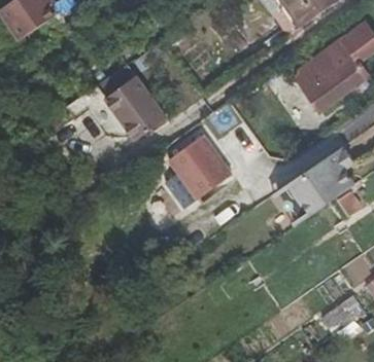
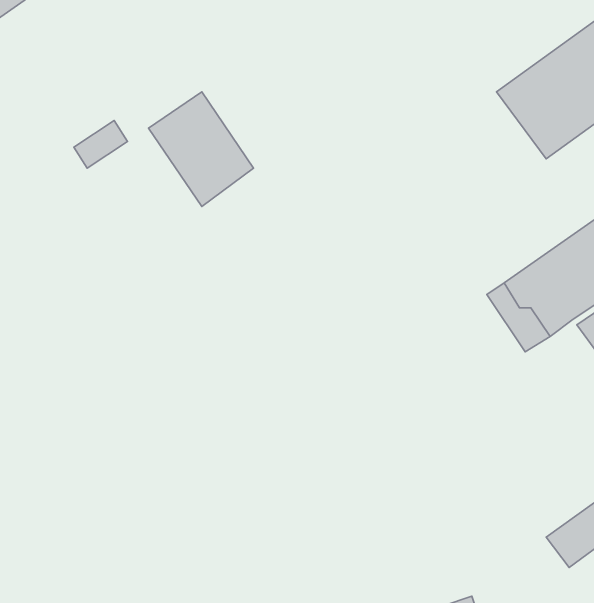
building: [167,134,229,197] -> none

